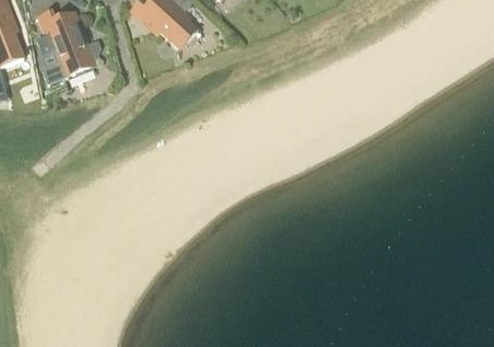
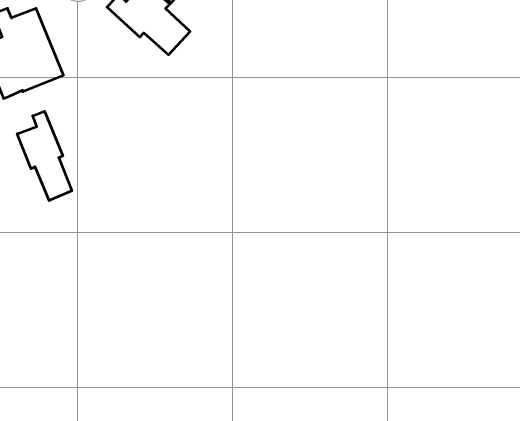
building: none -> [17,111,72,201]

